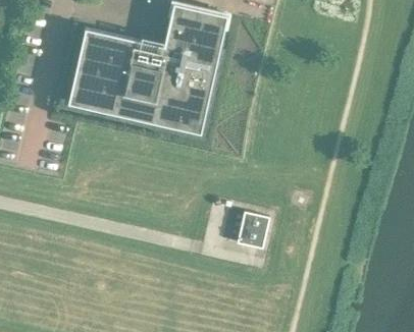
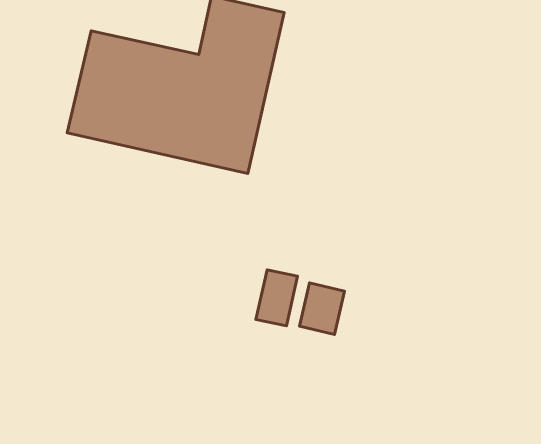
building: none -> [256,270,298,326]

